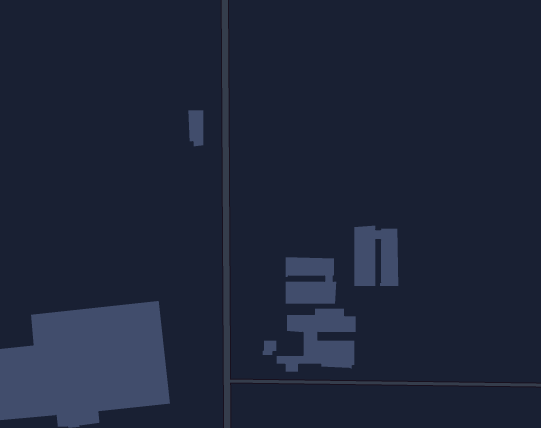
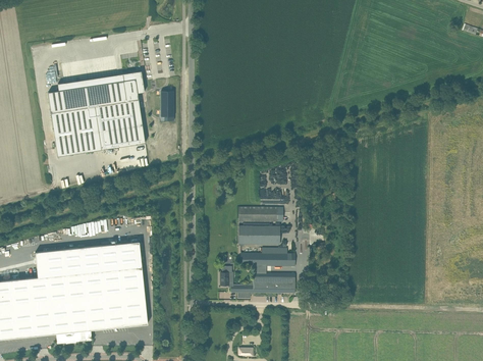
building: none -> [48,71,145,156]
building: [354,225,399,287] -> none

